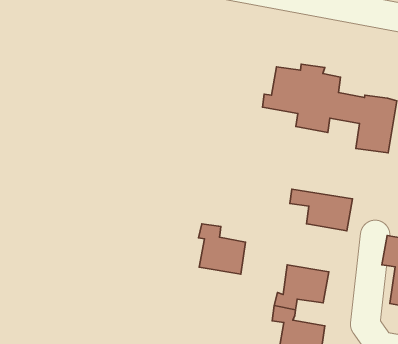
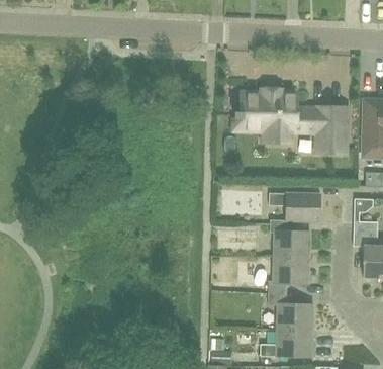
building: [199,224,245,274] -> [270,219,309,257]

